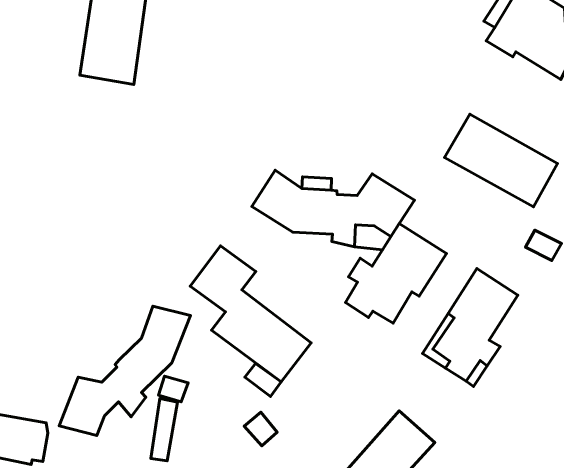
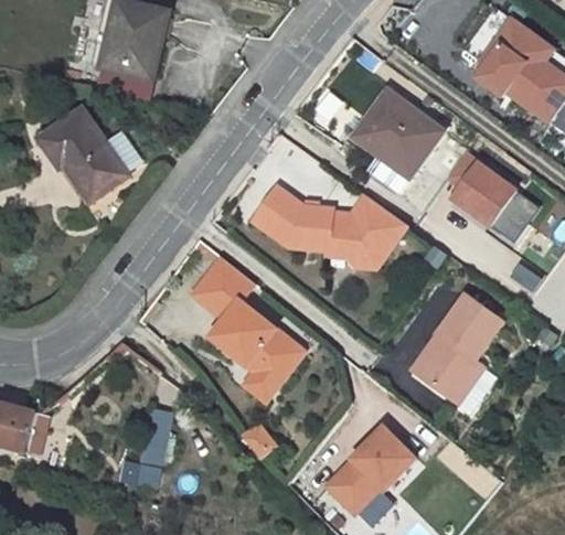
building: none -> [355,92,447,194]
building: none -> [39,109,141,202]
building: [345,224,446,323] -> none
building: [59,306,191,435] -> none

